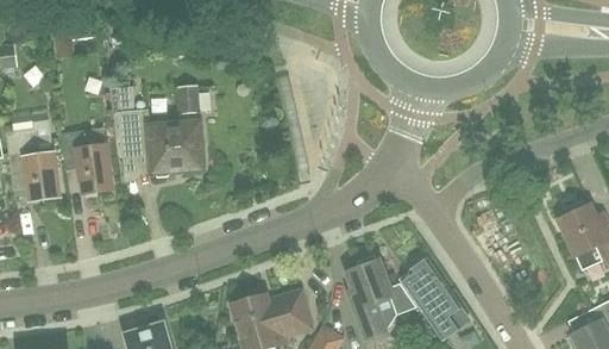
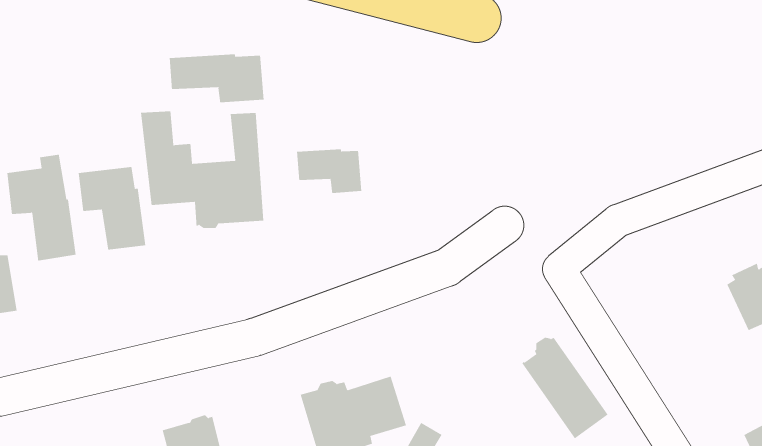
building: none -> [169,54,264,103]
building: none -> [297,149,362,194]
building: [347,256,415,338] -> none

